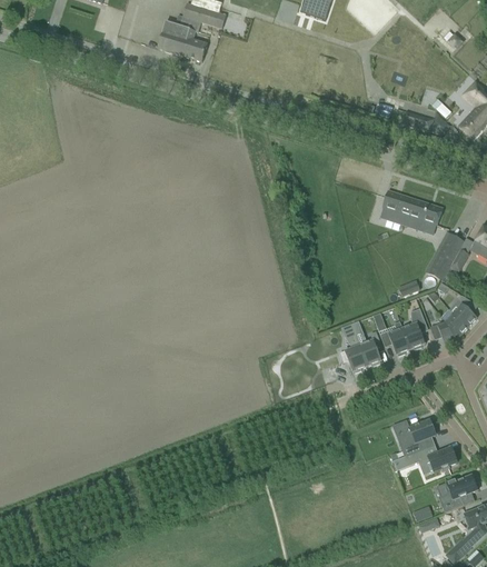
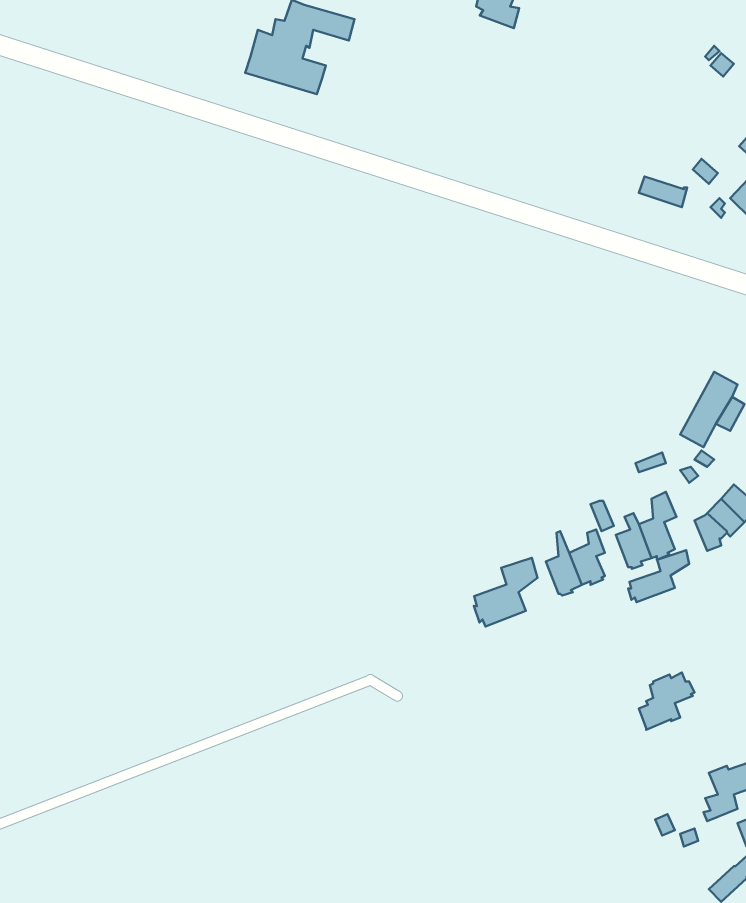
building: [381,190,441,226] -> none
building: none -> [628,550,689,602]
building: none -> [474,558,537,626]
building: [406,448,456,471] -> none

